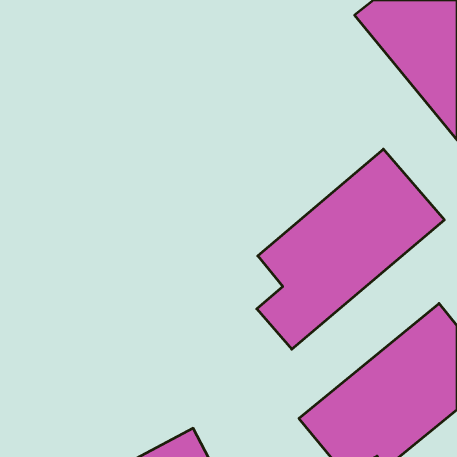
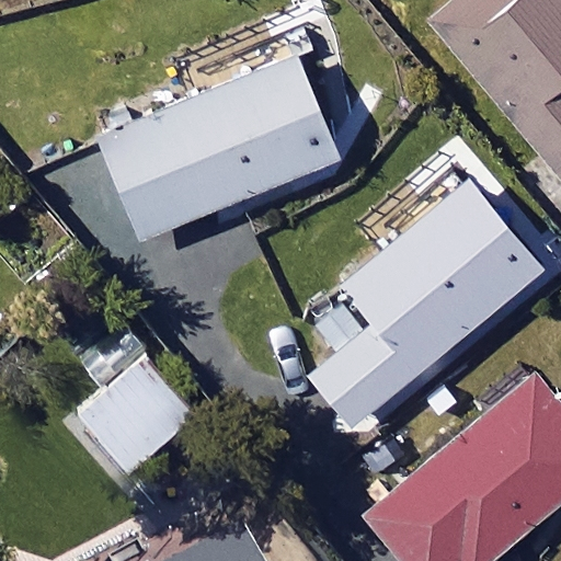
building: none -> [101,54,341,239]
building: none -> [58,331,196,473]

